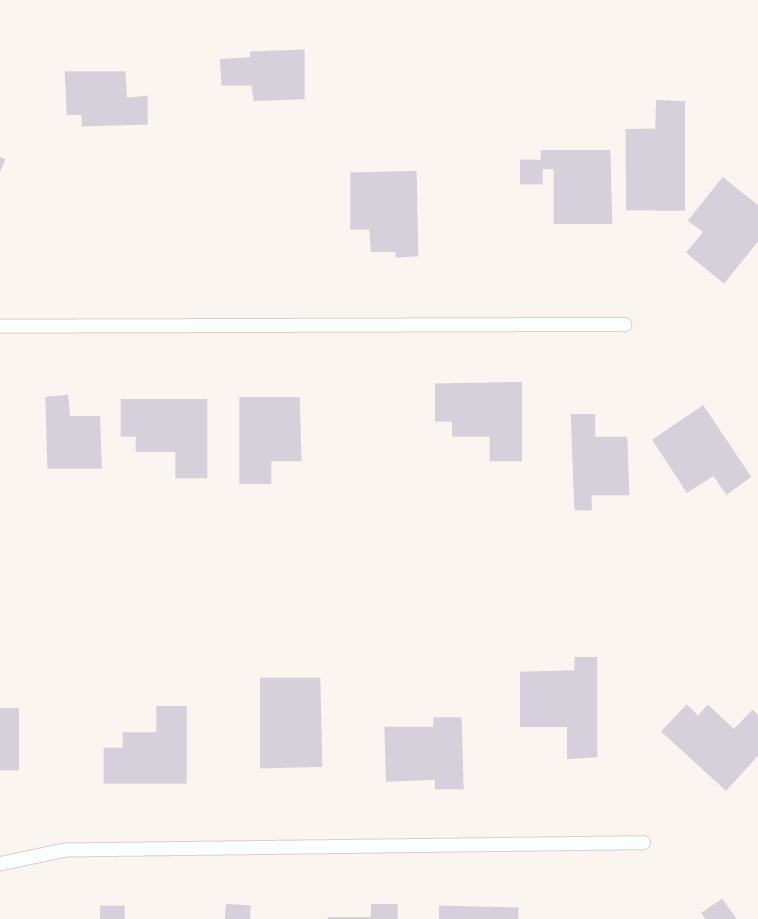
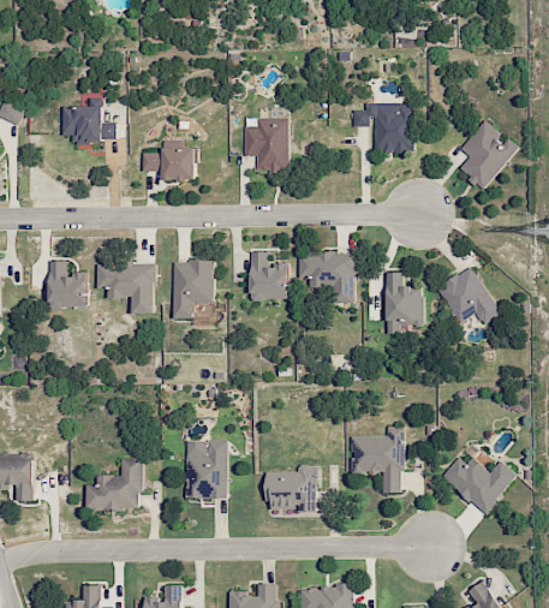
building: [219,49,306,102] -> [141,147,196,180]
building: [64,70,149,127] -> [62,106,117,142]
building: [625,99,686,211] -> none
building: none -> [250,251,288,299]

